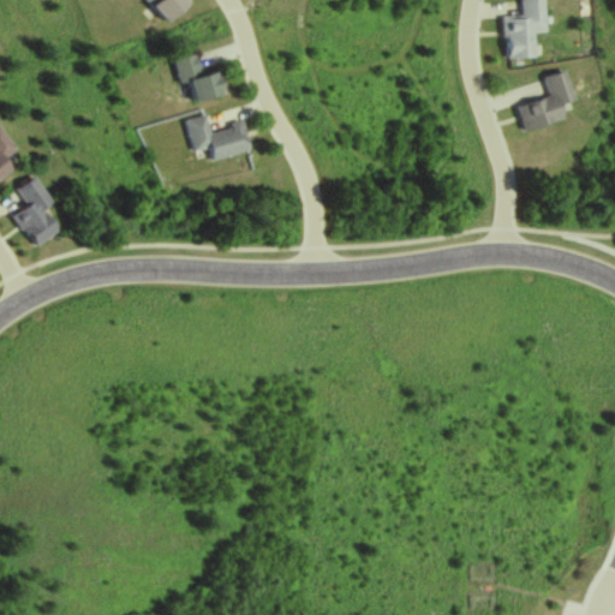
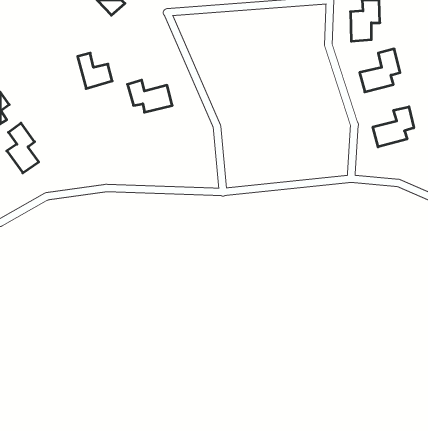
building: [175,53,225,103] -> [78,53,112,89]
building: none -> [373,107,414,147]

